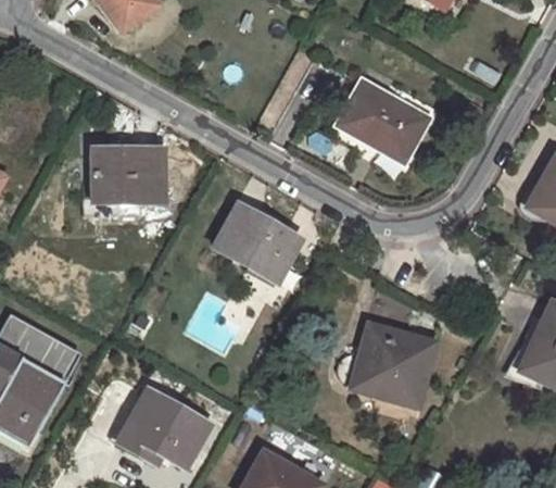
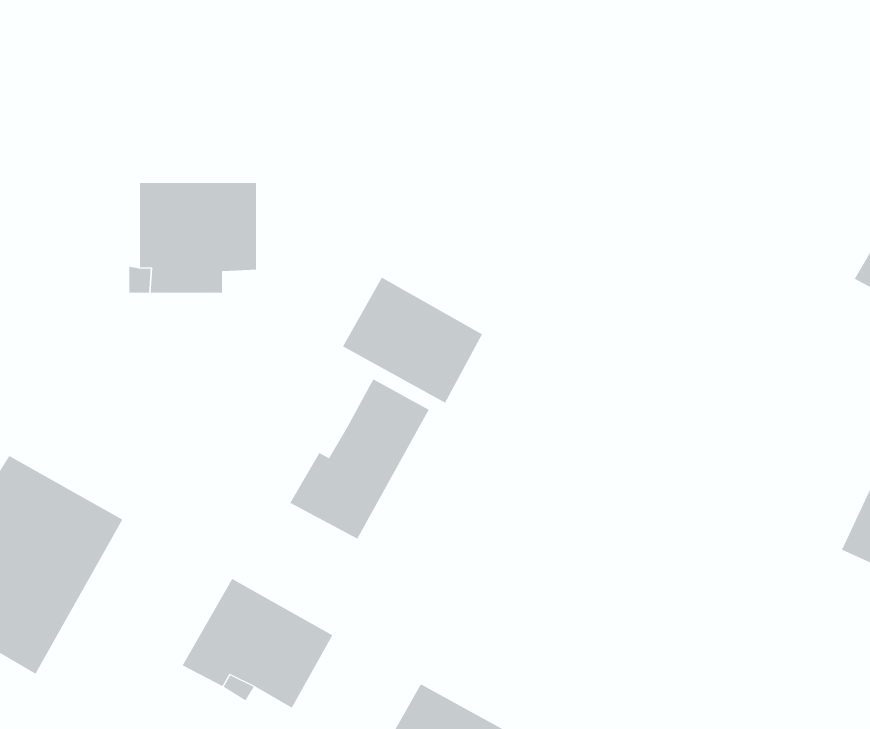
building: [336,78,430,160] -> none
building: none -> [290,378,429,540]
building: [339,322,435,404] -> none

